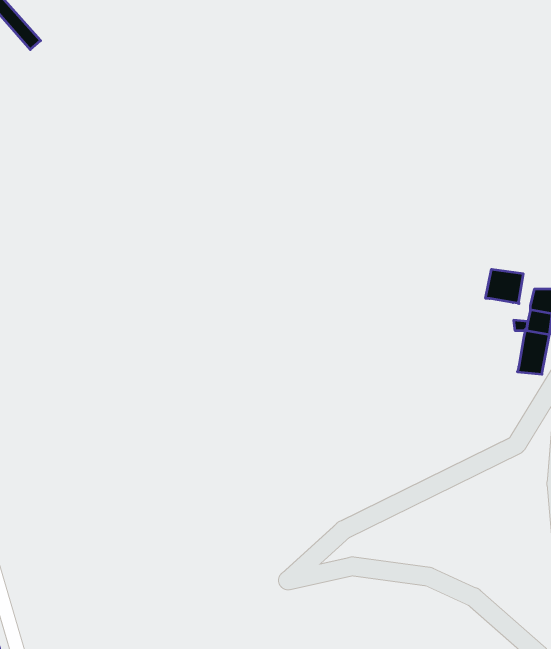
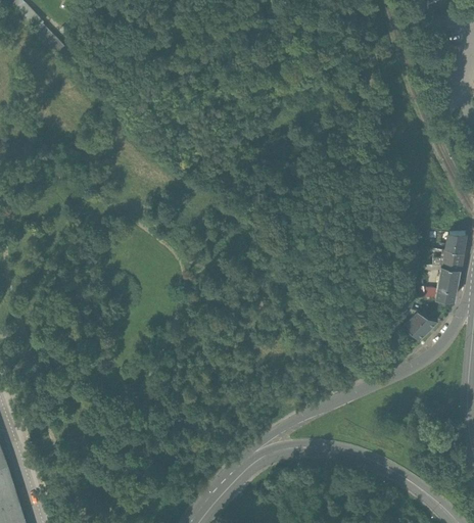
building: [486,269,523,304] -> none
building: none -> [402,314,436,342]

